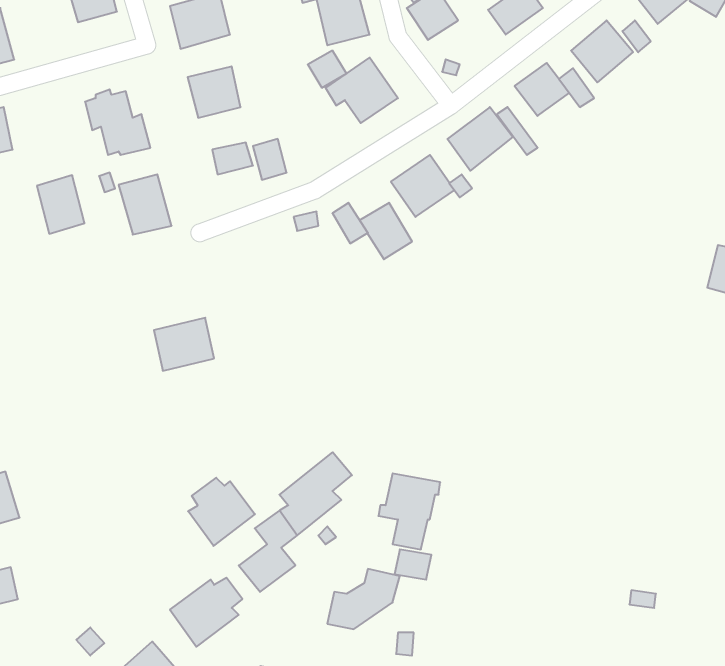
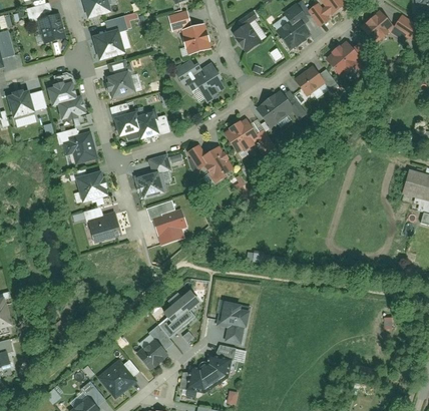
building: [37,175,85,234] -> [13,84,40,117]
building: none -> [139,166,170,196]
building: none -> [77,170,113,201]
building: none -> [155,210,186,241]
building: [188,478,255,546] -> none

